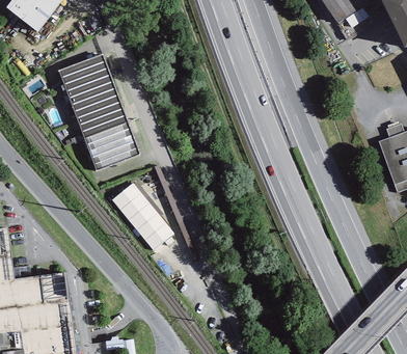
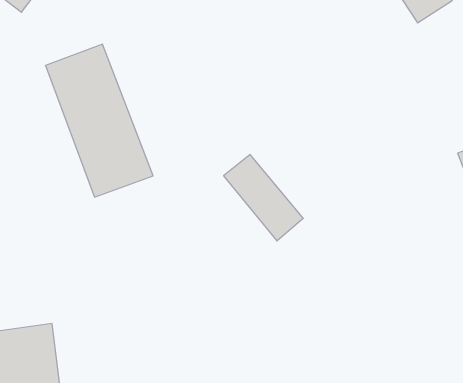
building: [111,183,173,250] -> [224,154,303,241]

